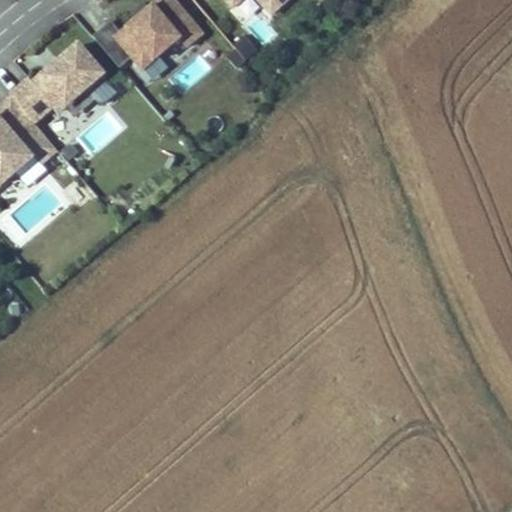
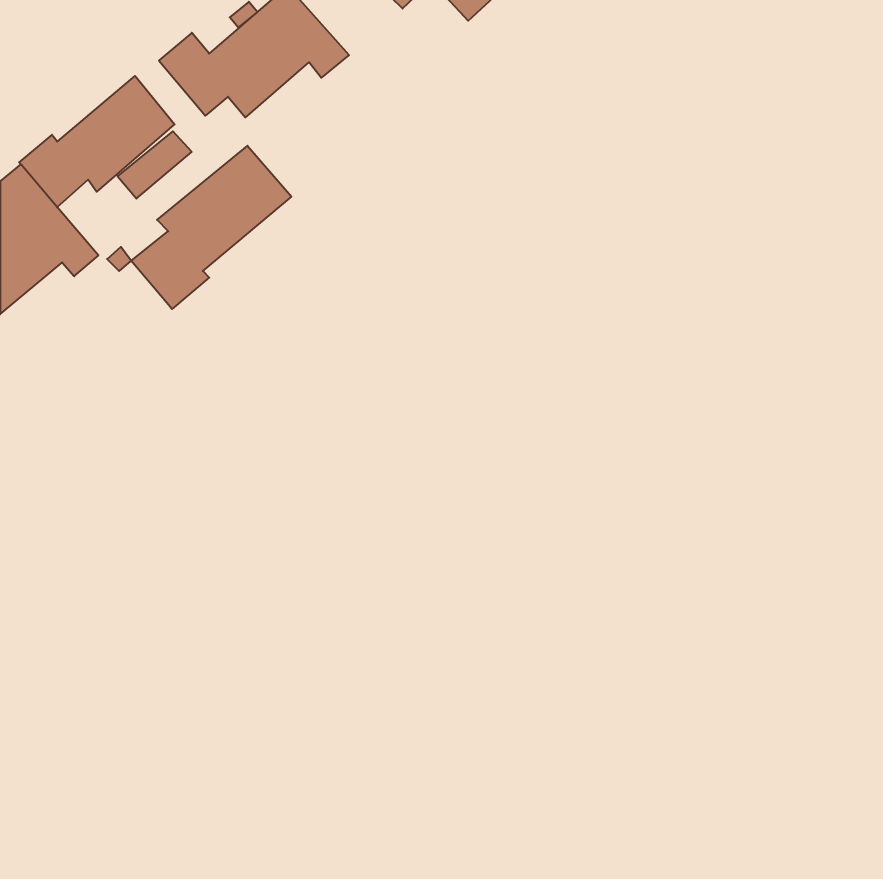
building: none -> [131,146,291,309]

